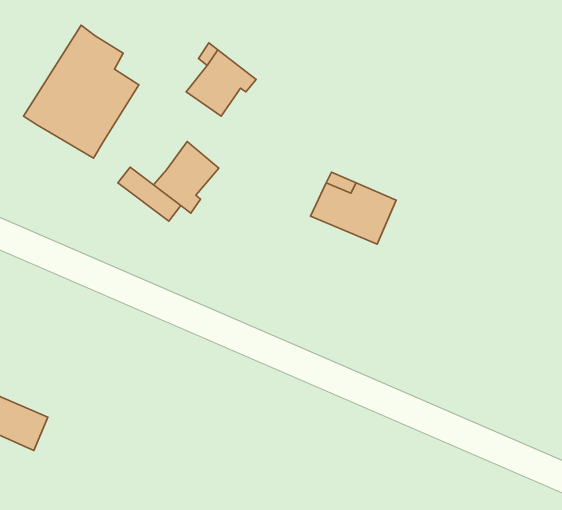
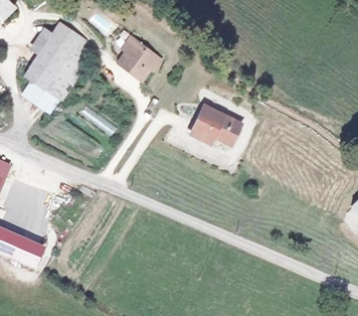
building: none -> [31,84,65,112]
building: [153,142,219,213] -> none

